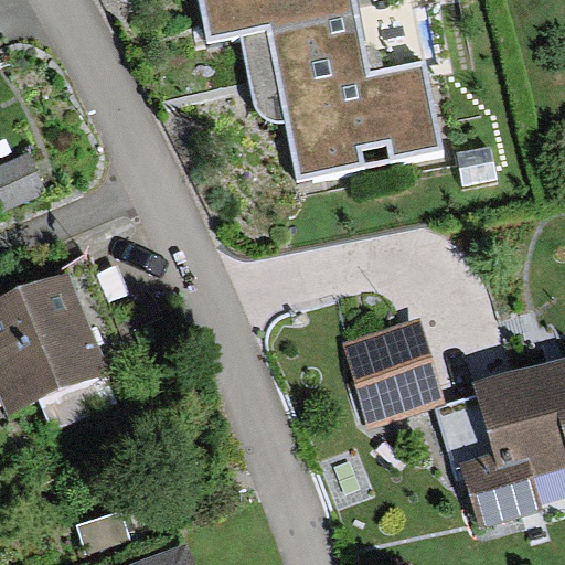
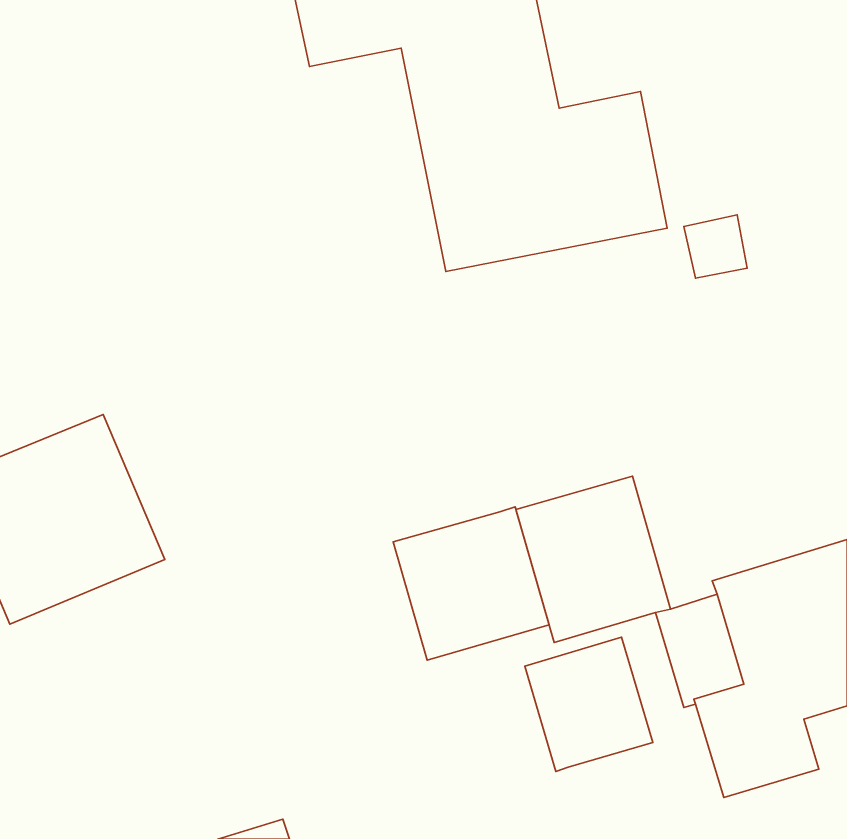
building: none -> [393,507,549,660]
building: none -> [525,637,653,771]

